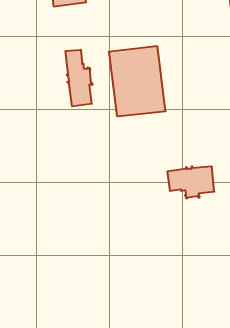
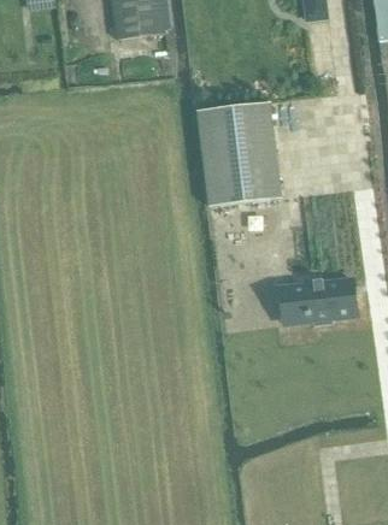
building: [66,50,92,106] -> none

